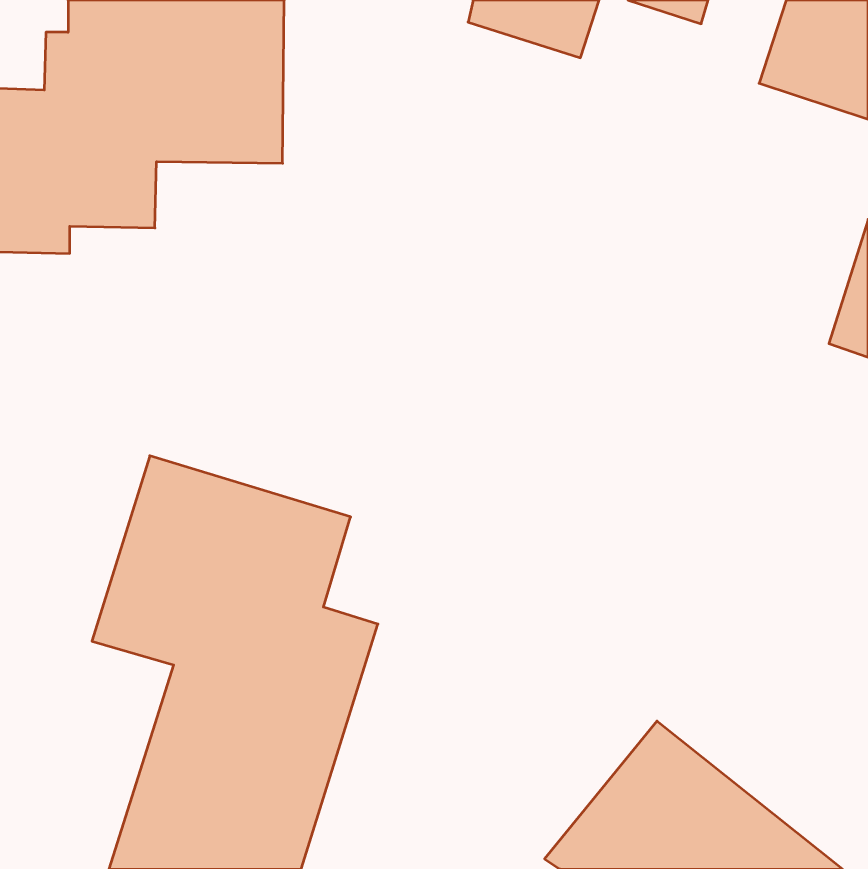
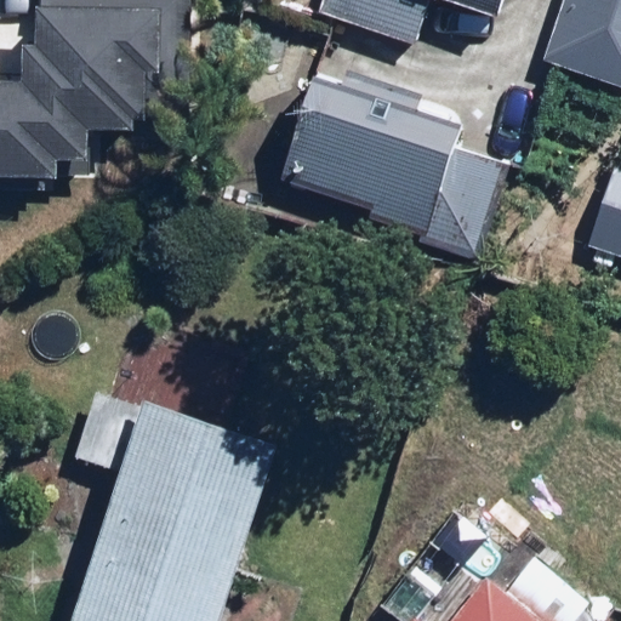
building: none -> [280,65,508,252]

